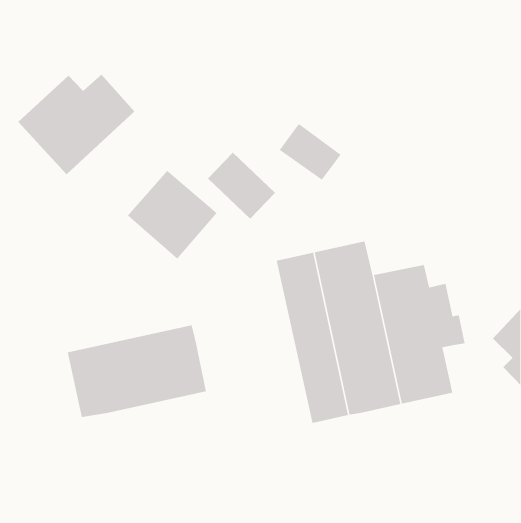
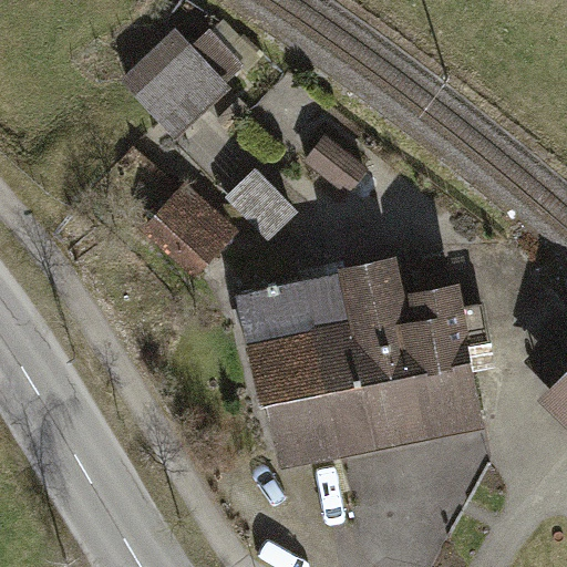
building: [17,74,135,175] -> [118,27,246,136]
building: none -> [238,281,337,471]
building: [67,325,207,418] -> none

